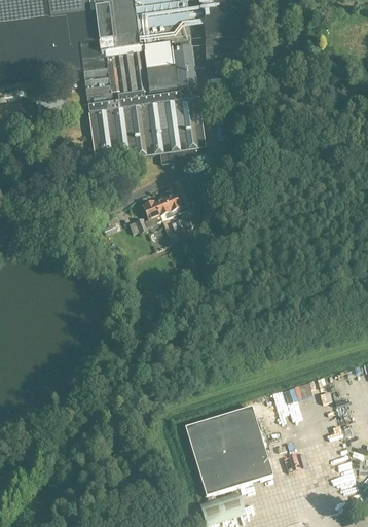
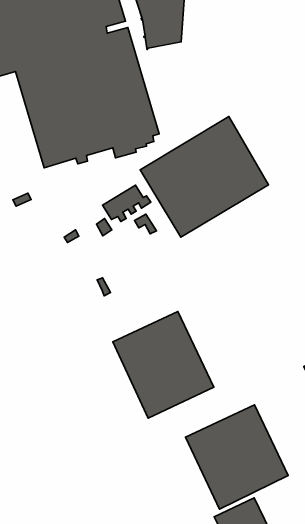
building: none -> [140,117,268,237]
building: none -> [113,312,214,418]

